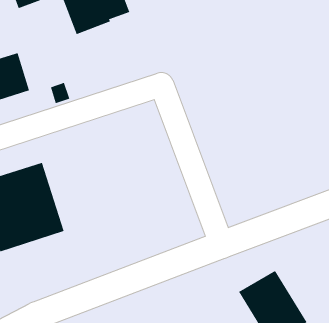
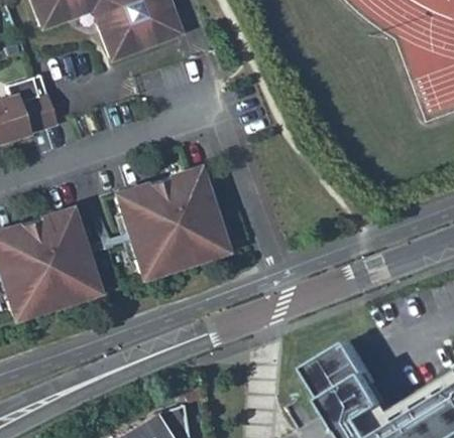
building: none -> [115,171,224,278]

